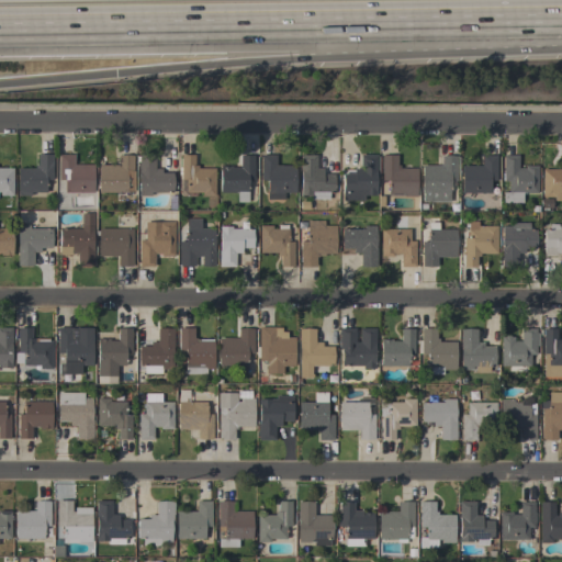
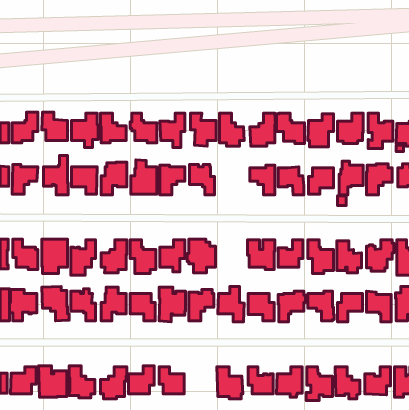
building: [302,221,337,267] -> none
building: [301,328,335,378] -> none
building: [259,501,293,542] -> none

